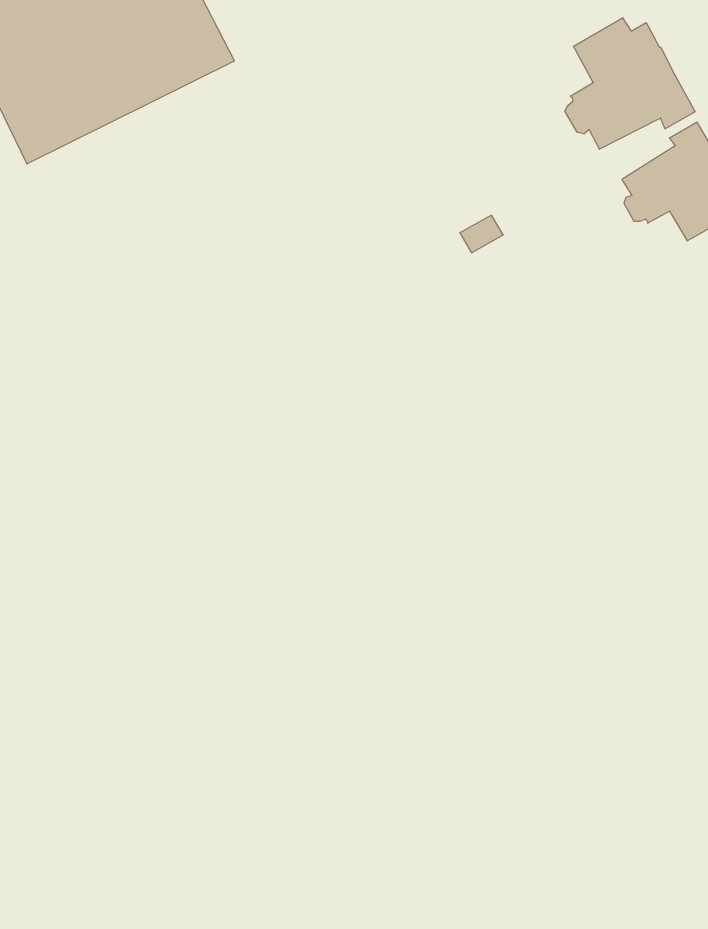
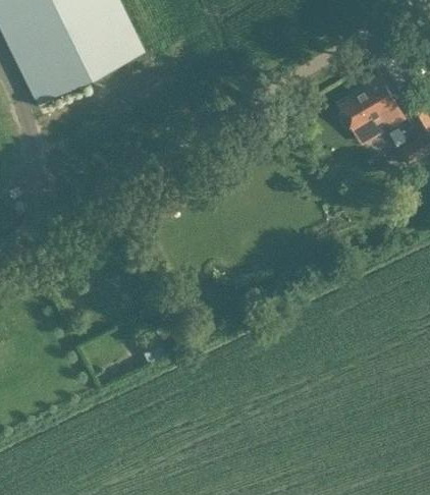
building: [565,18,695,149] -> none

